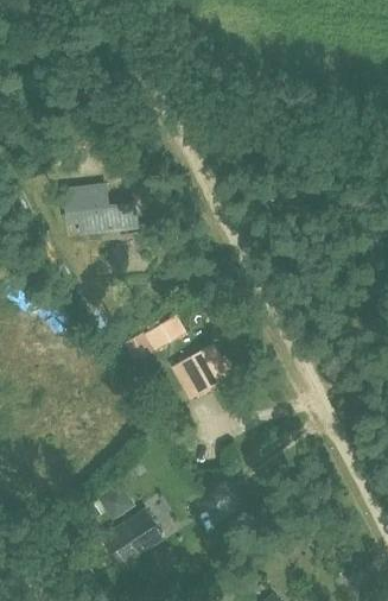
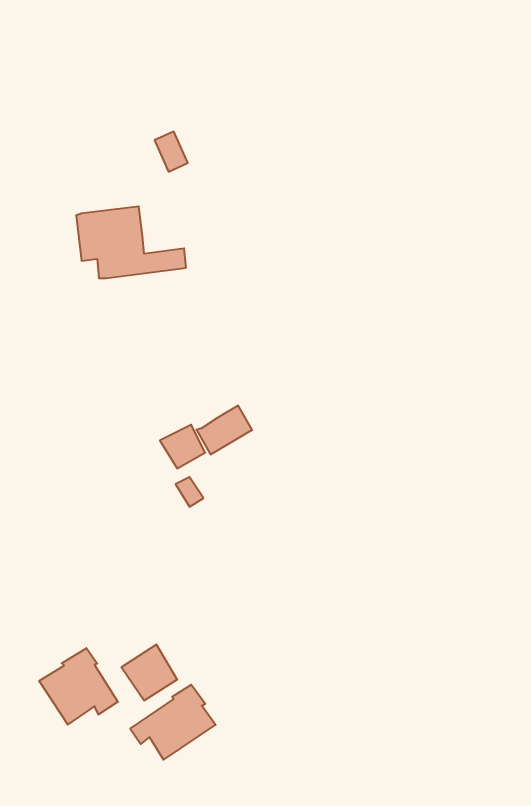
building: [172,344,229,397] -> none
building: none -> [39,648,118,725]

